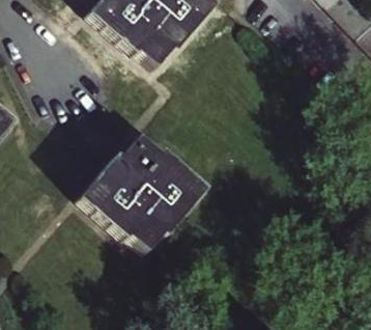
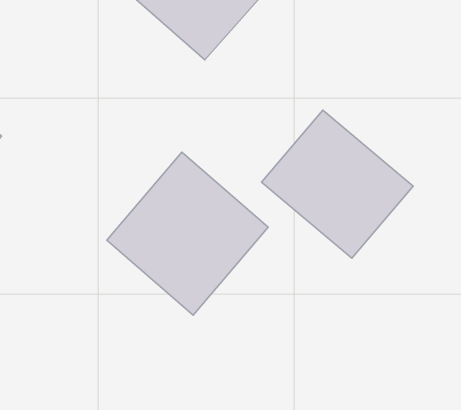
building: none -> [262,110,413,258]

